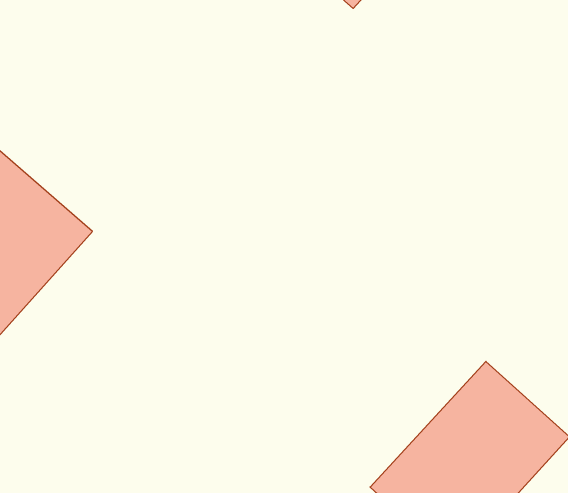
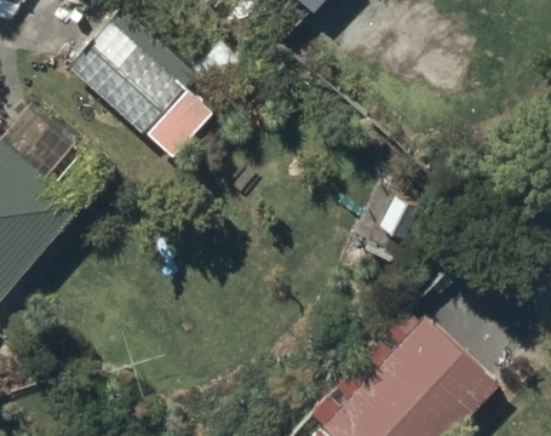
building: none -> [65,10,213,162]

